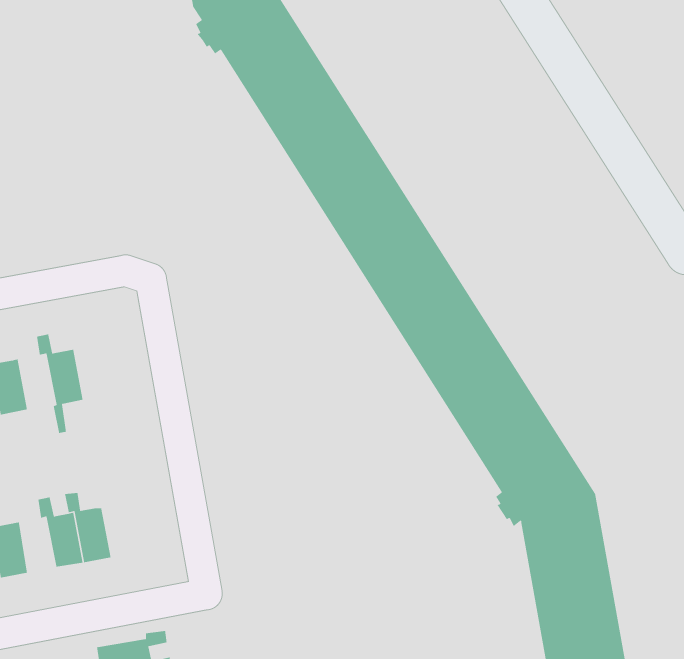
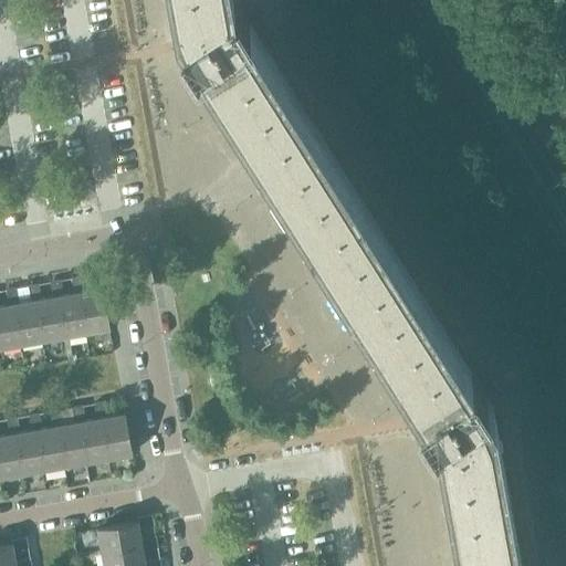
building: none -> [61,283,97,339]
building: none -> [17,291,54,347]
building: none -> [83,408,120,464]
building: none -> [18,420,54,476]

